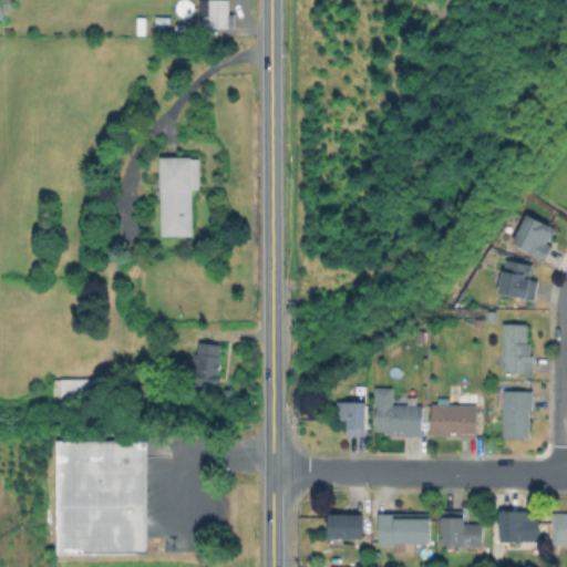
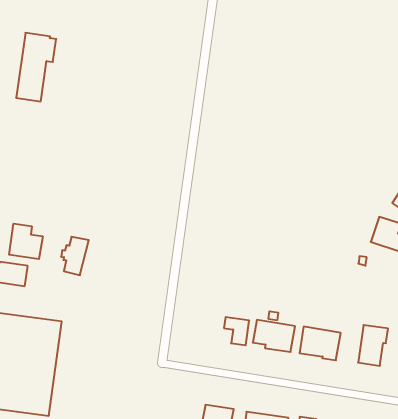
building: [161,158,198,237] -> [16,33,56,101]
building: [502,324,533,374] -> none
building: none -> [9,224,43,259]
building: [189,343,219,388] -> [61,237,89,275]

